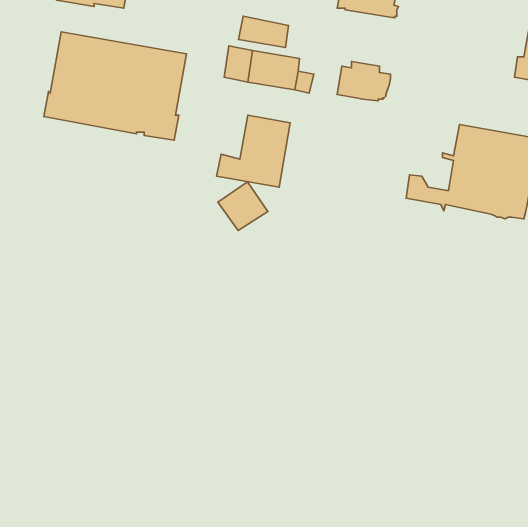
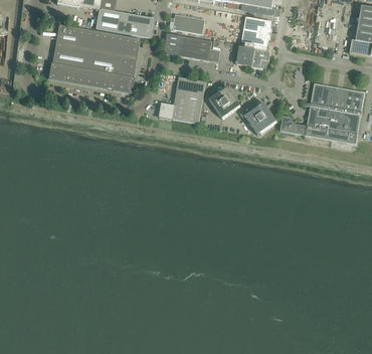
building: none -> [96,8,154,37]
building: none -> [241,16,271,46]
building: none -> [245,103,277,134]
building: [218,182,268,230] -> [209,86,241,118]

